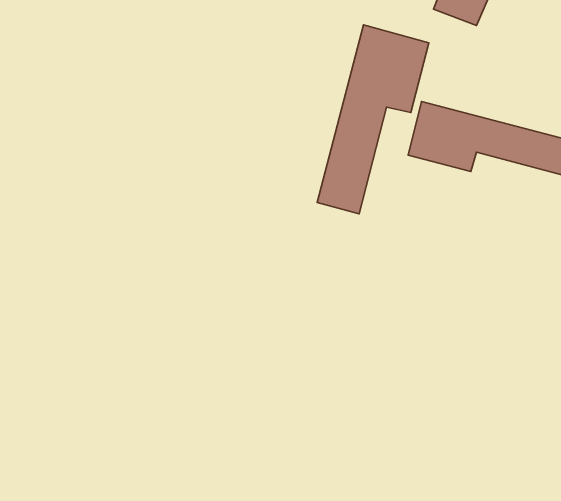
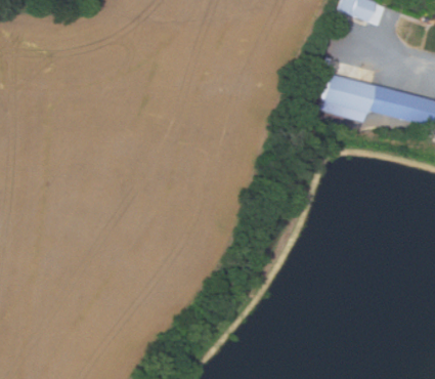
building: [317,25,429,214] -> none

